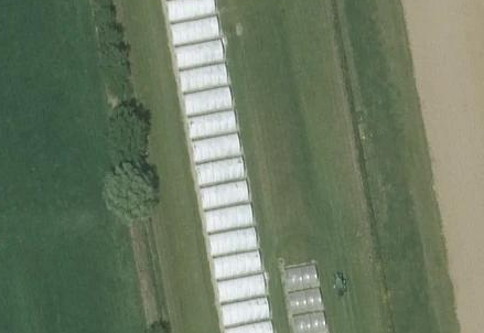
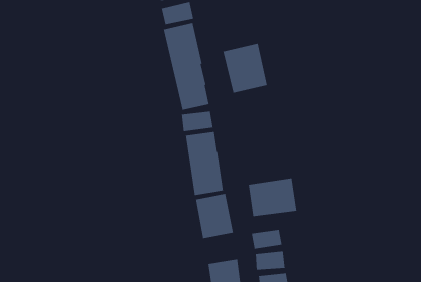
building: none -> [223,43,268,93]
building: none -> [248,178,297,217]
building: [227,275,263,299] -> none

